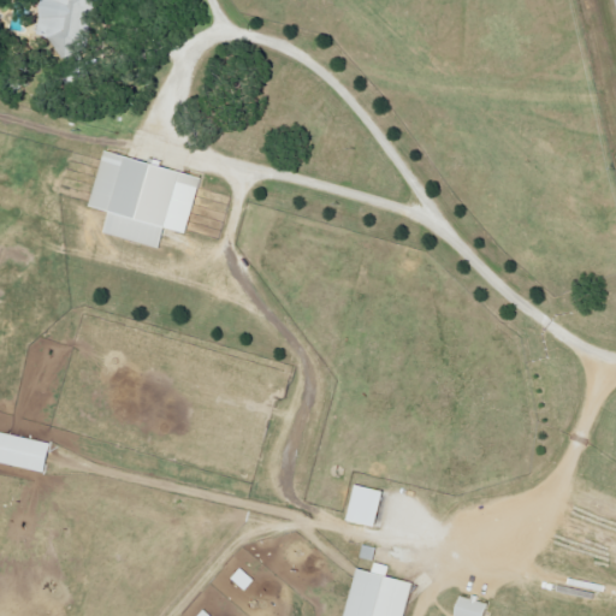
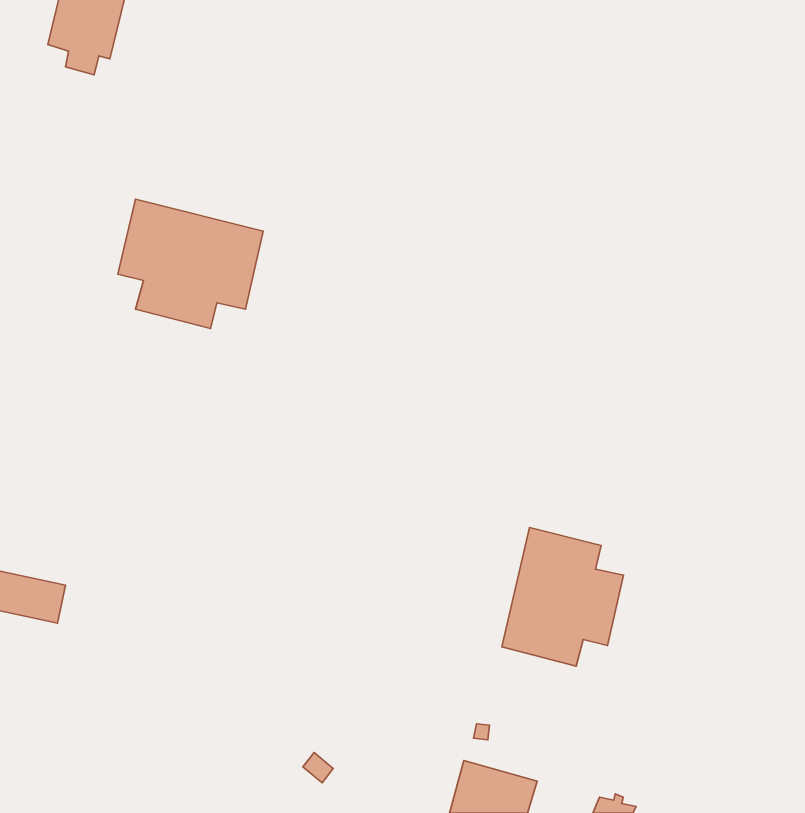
building: none -> [502,528,624,666]
building: [346,485,384,528] -> none

